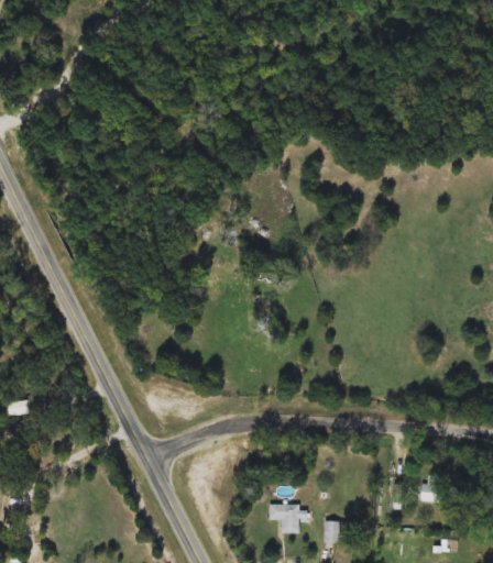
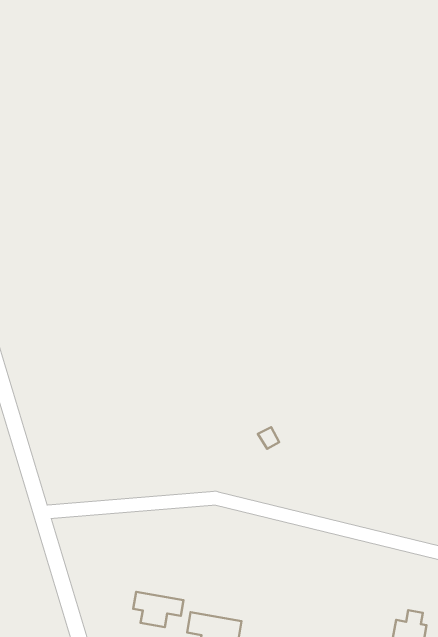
building: none -> [133,592,184,627]

